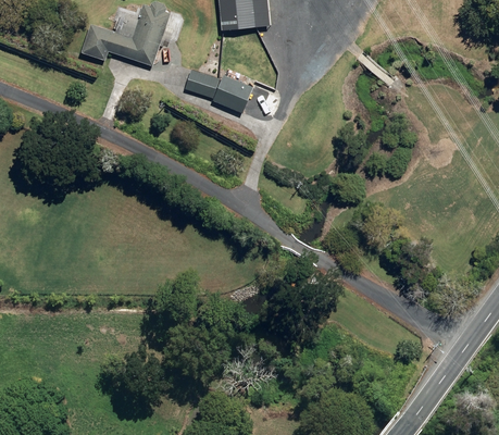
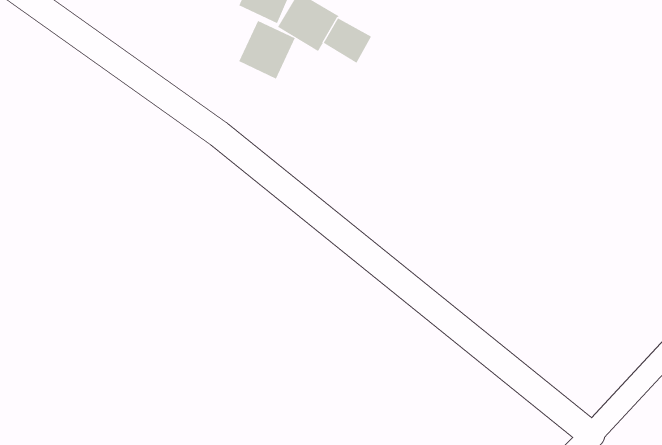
building: none -> [239,20,295,79]

